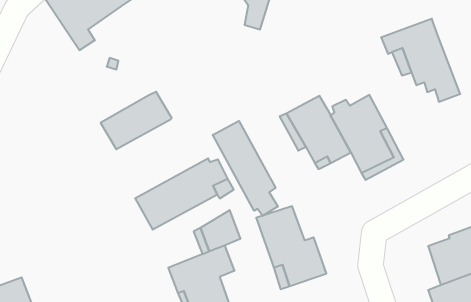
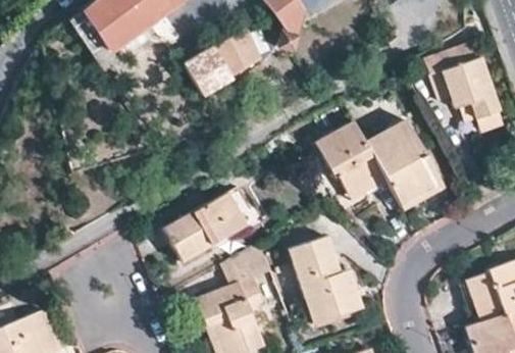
building: [101,92,172,149] -> [189,35,263,95]
building: [213,121,278,216] -> none

